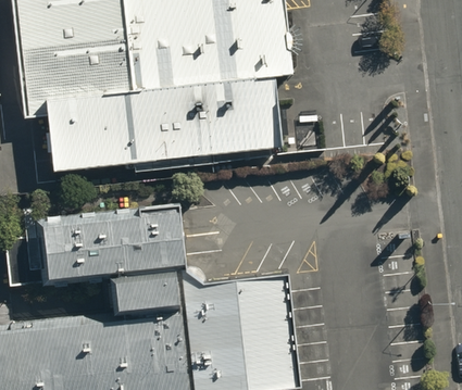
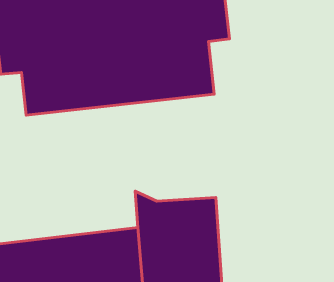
building: [39,205,186,297] -> none

